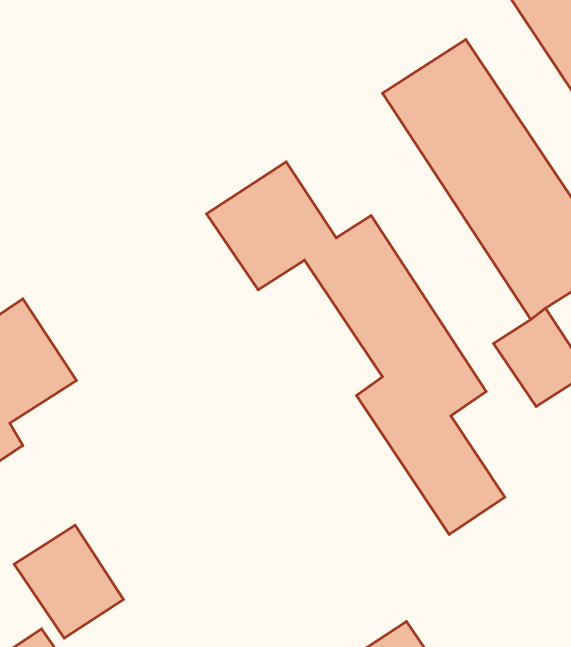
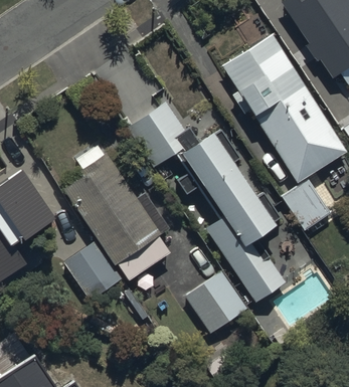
building: none -> [65,153,173,279]
building: none -> [185,272,246,334]
building: [14,525,123,638] -> [63,240,123,302]

